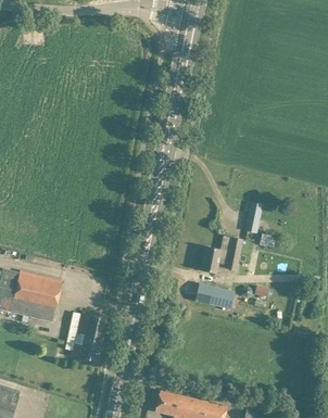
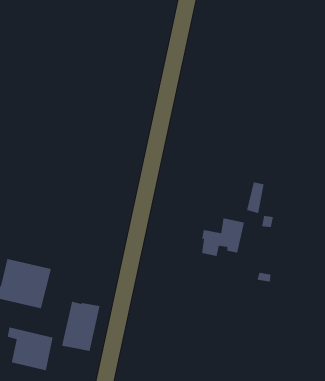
building: [195,281,235,307] -> none
building: none -> [7,327,53,371]

